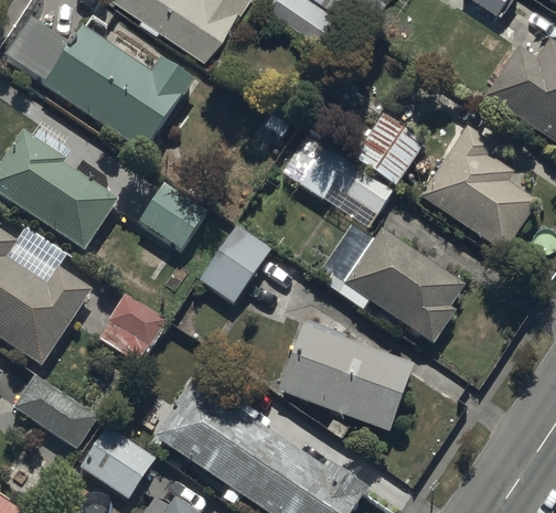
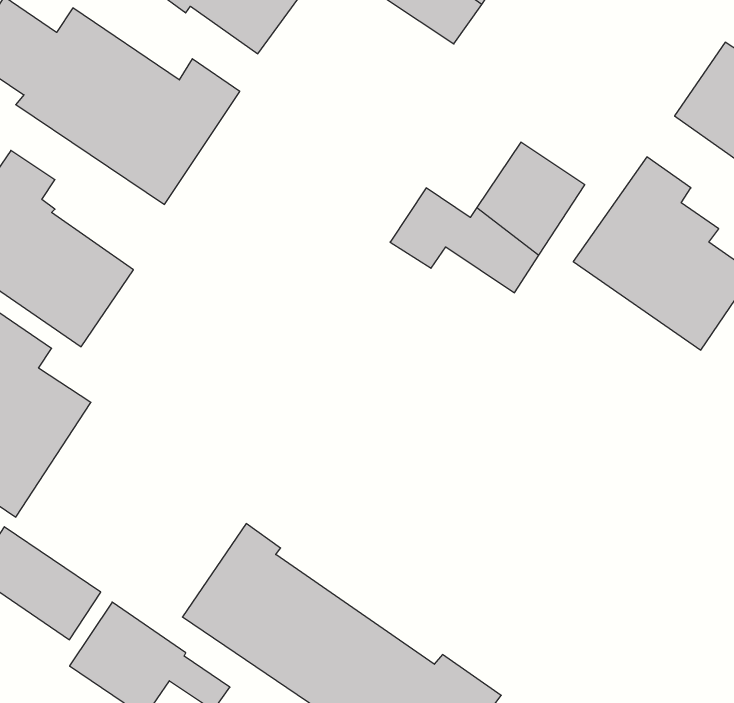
building: [139,181,208,249] -> none
building: [199,221,275,304] -> none
building: [343,226,466,348] -> none
building: [97,291,167,363] -> none
building: [277,316,415,434] -> none

